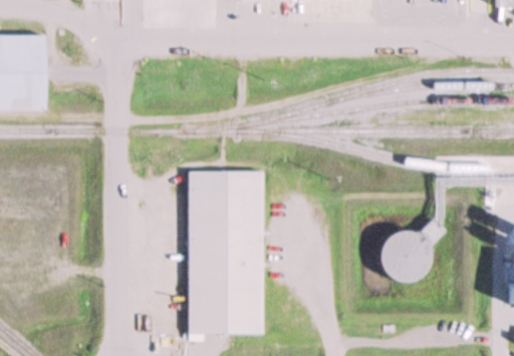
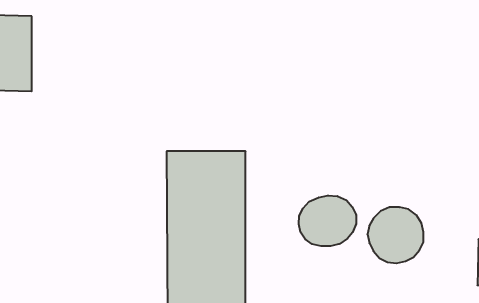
building: none -> [299,195,356,246]

